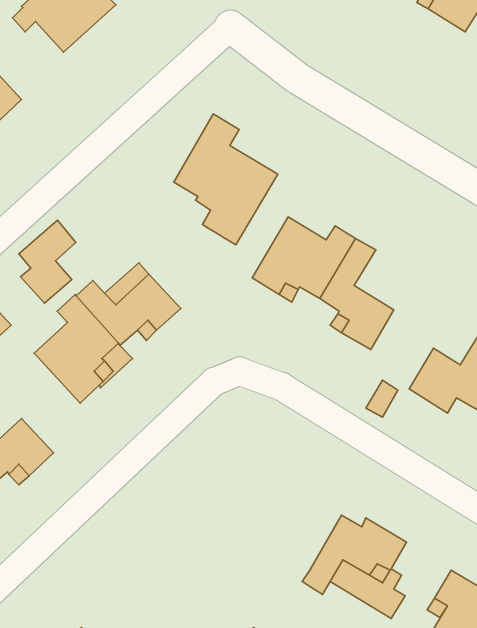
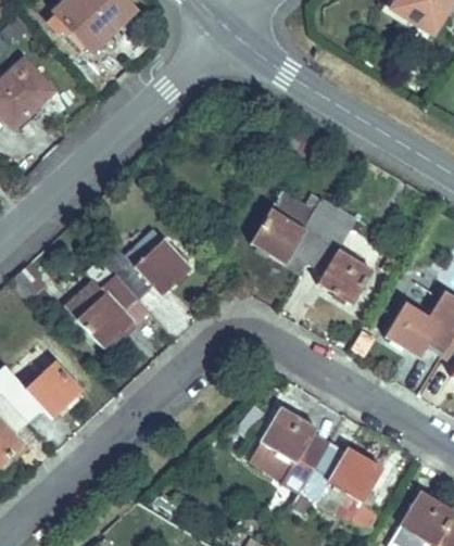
building: [174,114,278,245] -> none
building: [19,220,76,303] -> none
building: none -> [251,407,327,492]

